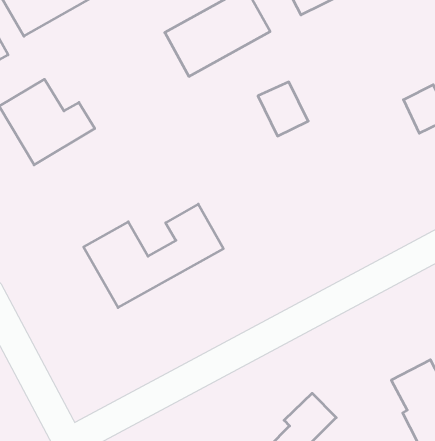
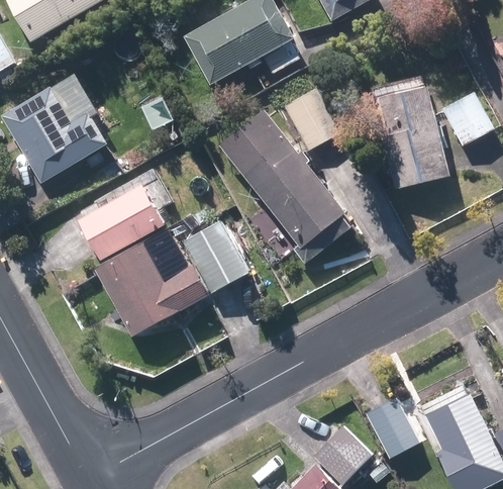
building: none -> [381,85,448,188]
building: none -> [220,109,348,262]
building: none -> [77,186,163,259]
building: none -> [365,399,414,456]

